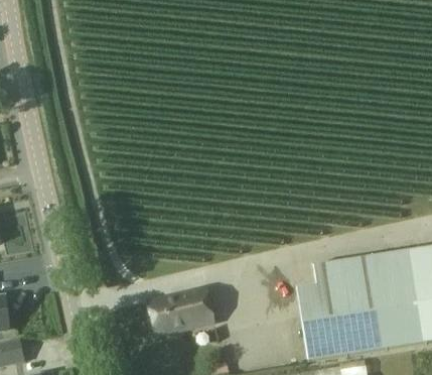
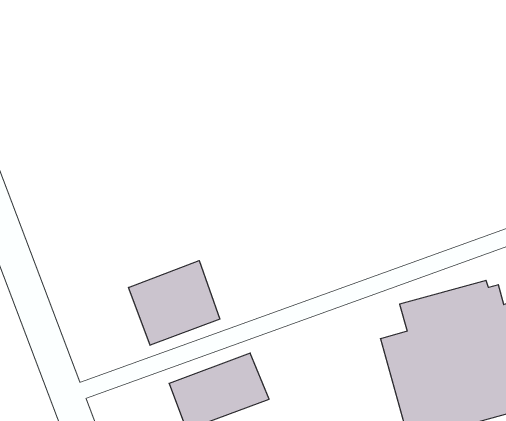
building: none -> [129,261,220,345]

